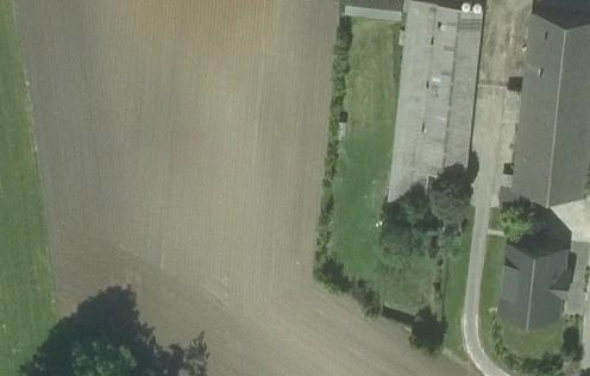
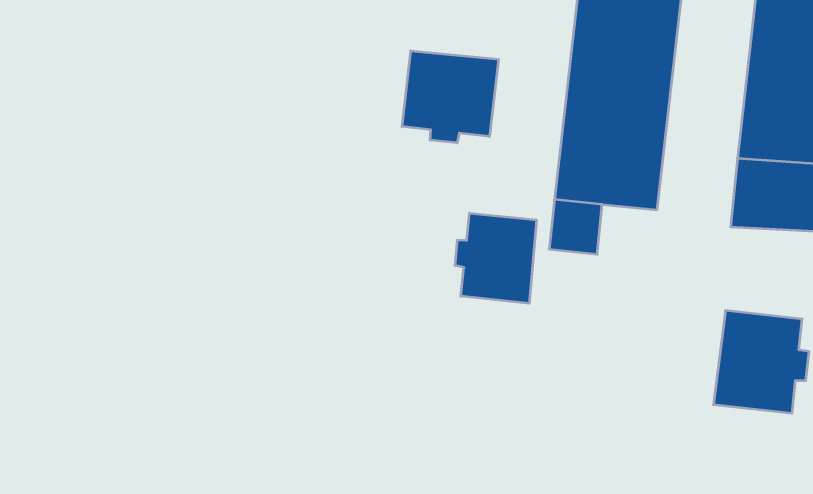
building: none -> [402,51,498,143]
building: none -> [455,213,536,303]

